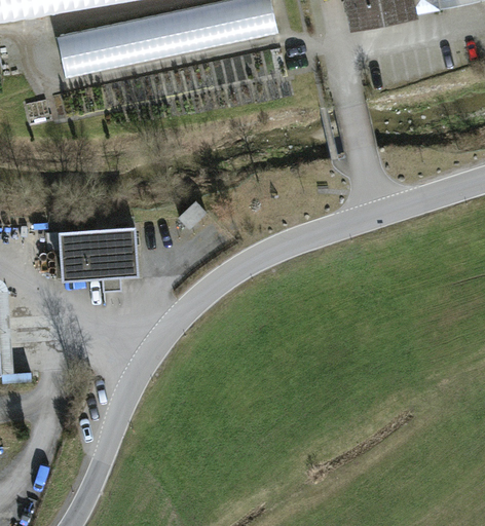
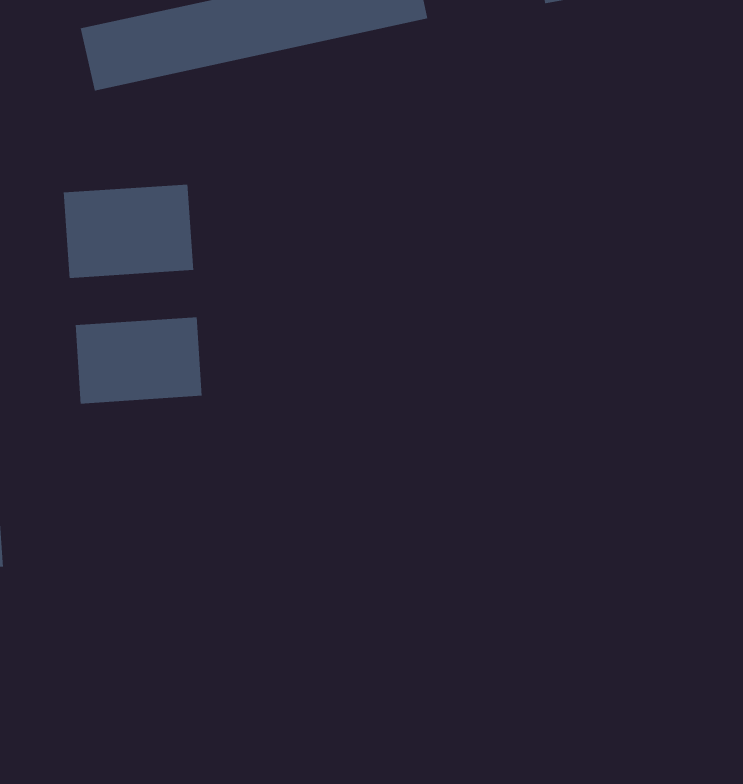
building: none -> [63,184,194,279]

